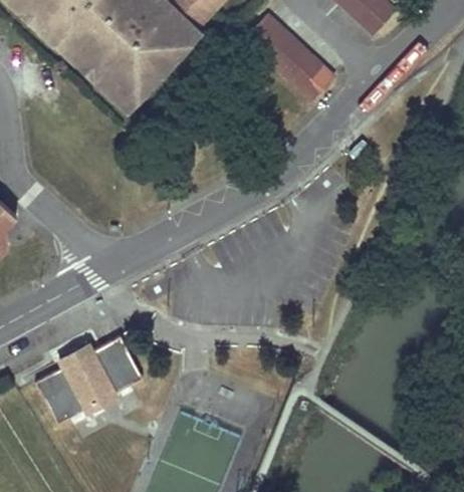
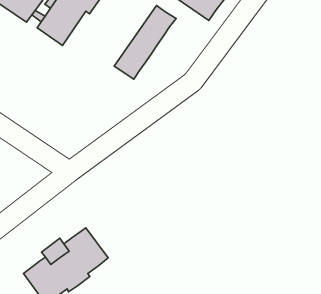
building: none -> [114,5,176,79]

